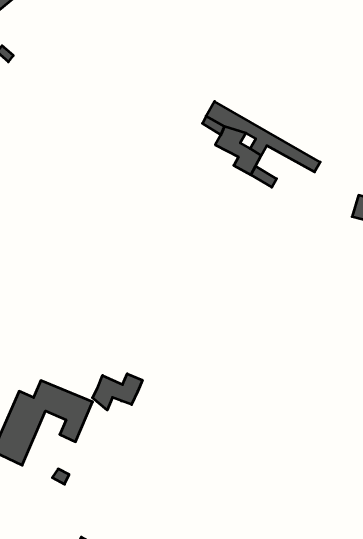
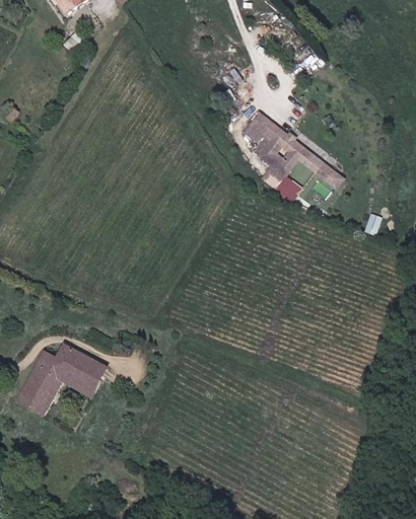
building: [92,374,142,410] -> none

